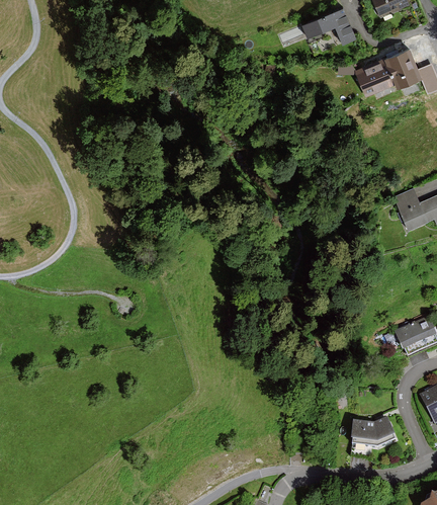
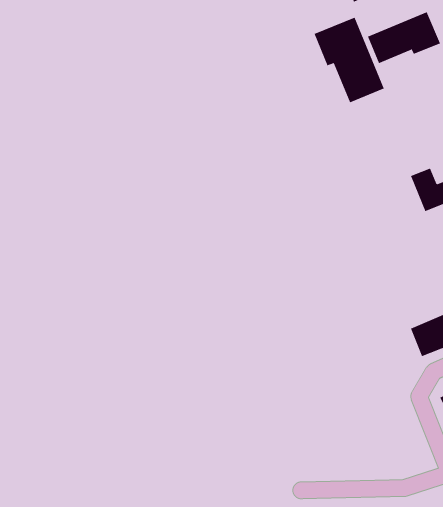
building: none -> [314,17,385,103]
building: [348,417,392,458] -> none

